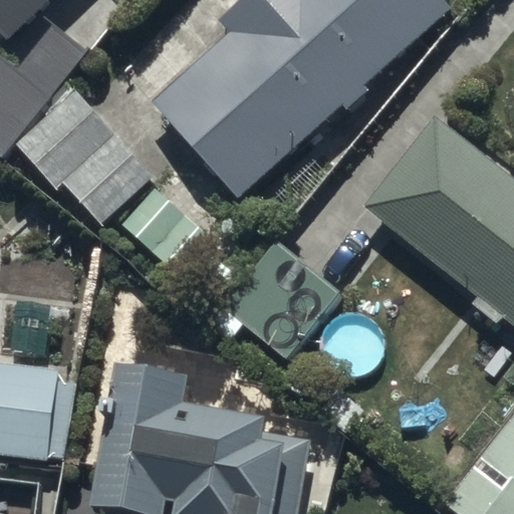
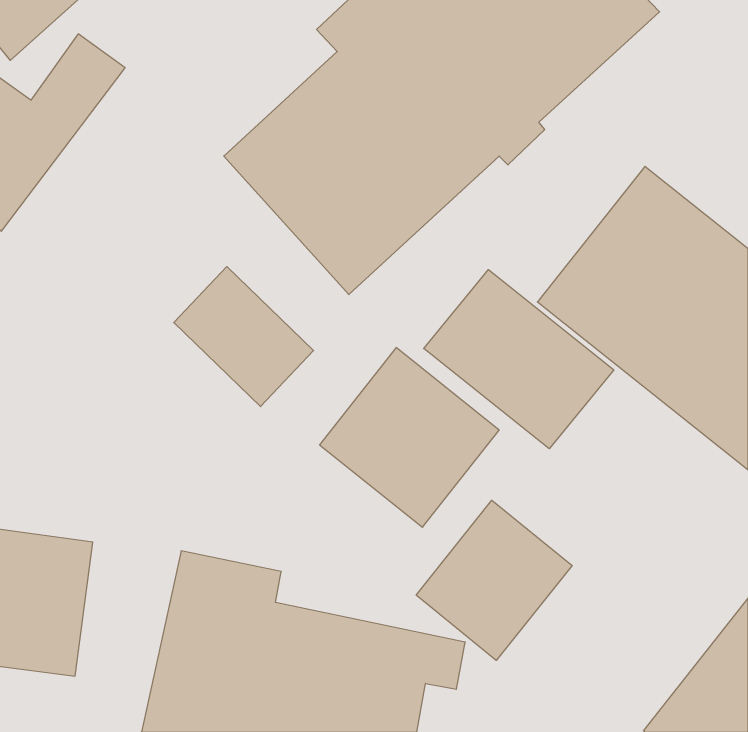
building: [15,91,151,224] -> none
building: none -> [424,270,614,449]
building: none -> [416,500,572,660]

